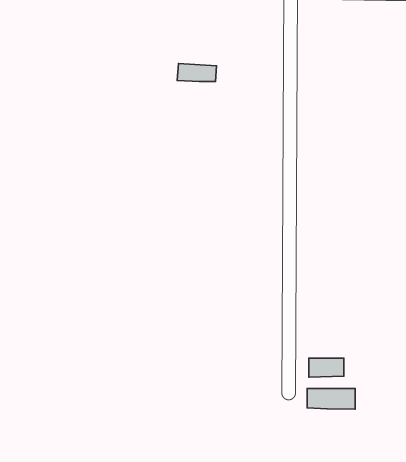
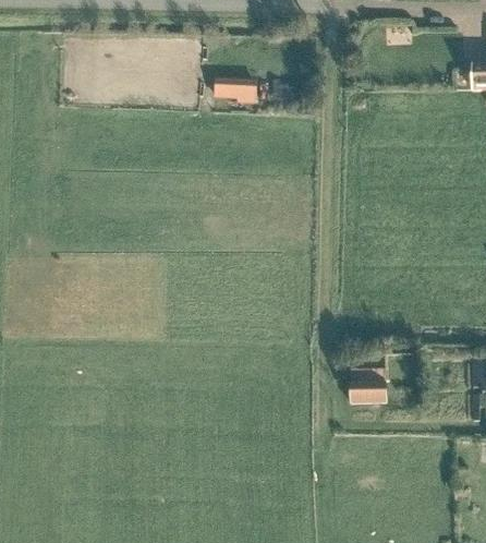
building: [307,389,355,409] -> none

